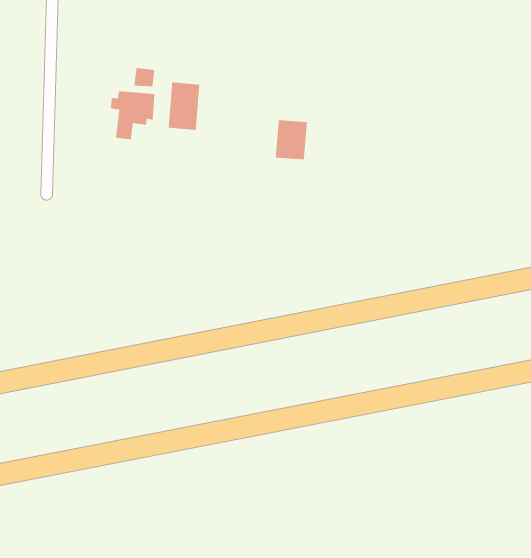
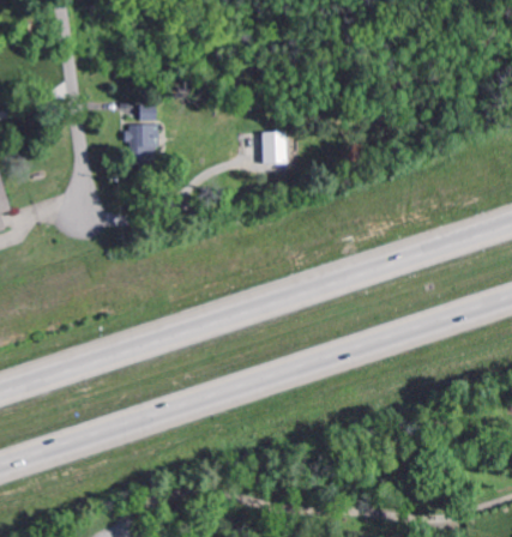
building: [168,81,200,131] -> none

